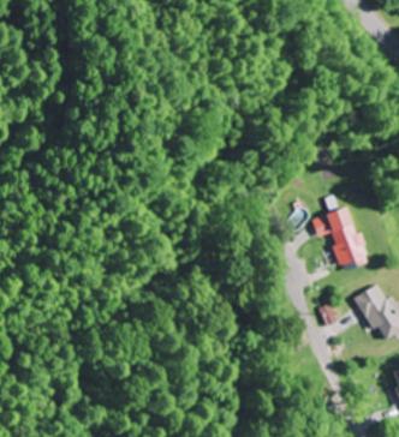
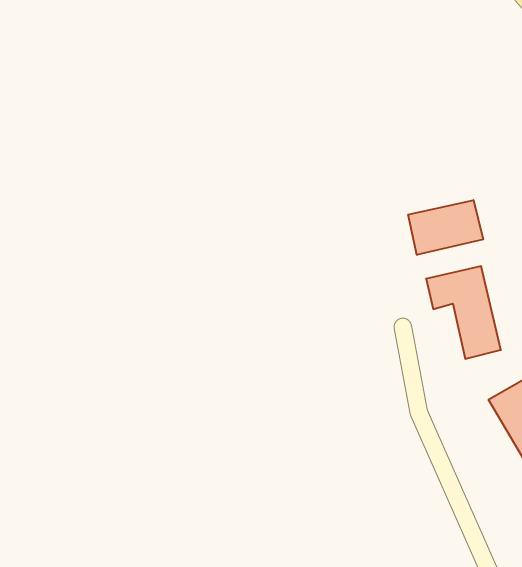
building: none -> [408,200,483,255]

